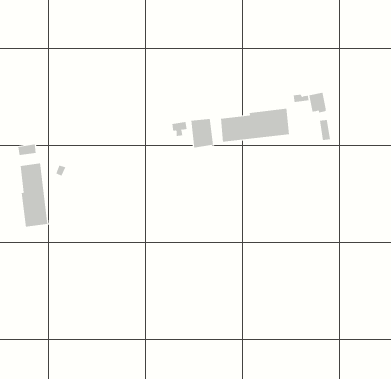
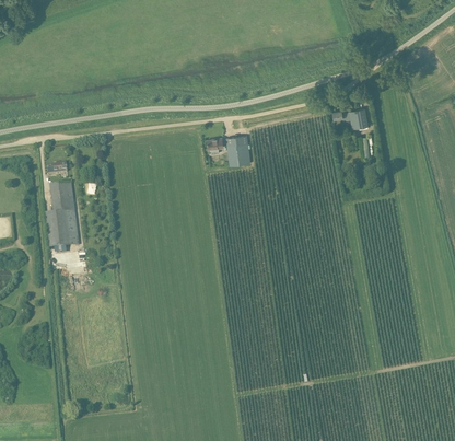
building: [220,108,290,143] -> none

